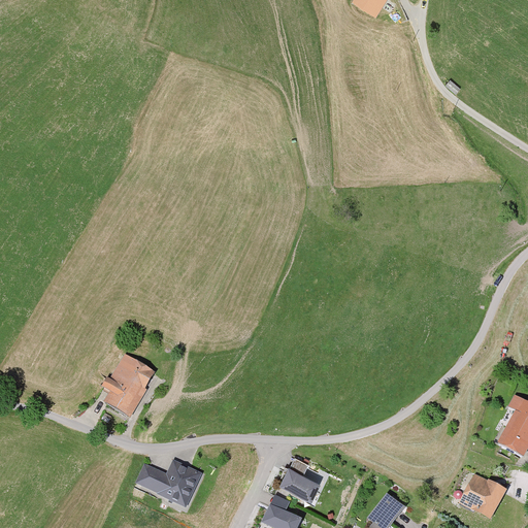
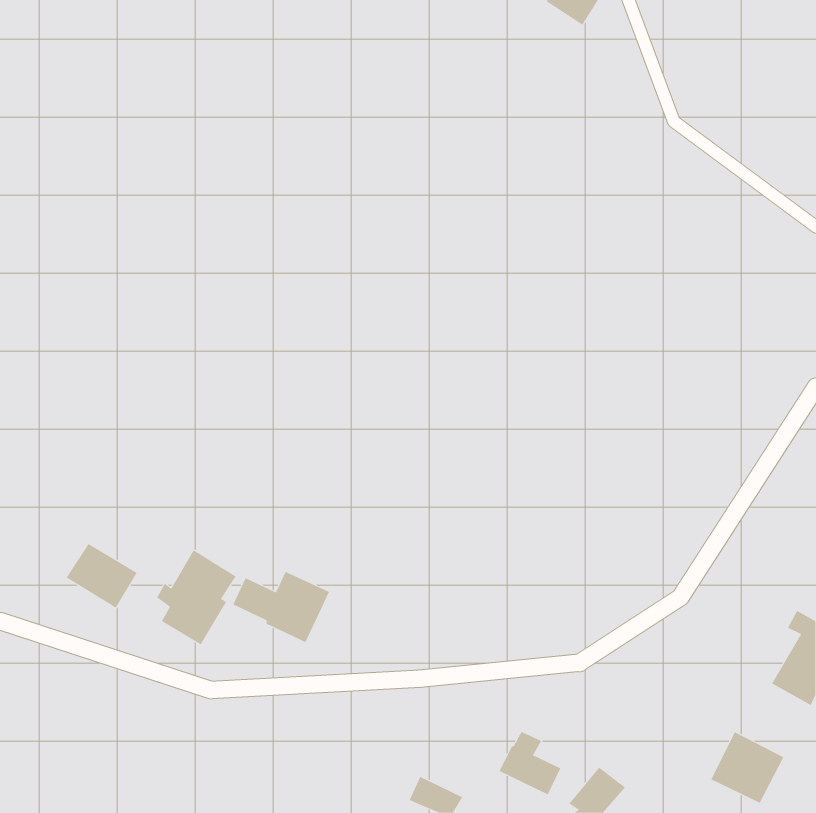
building: none -> [66,543,138,609]
building: [280,457,321,498] -> [499,731,561,795]
building: [138,460,201,506] -> [232,571,330,643]

